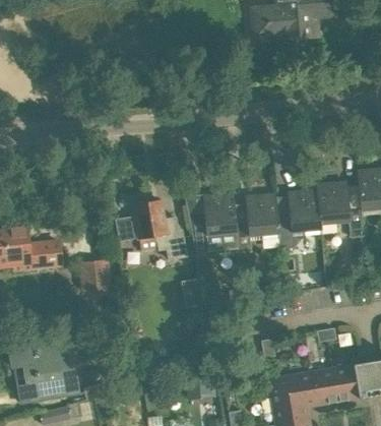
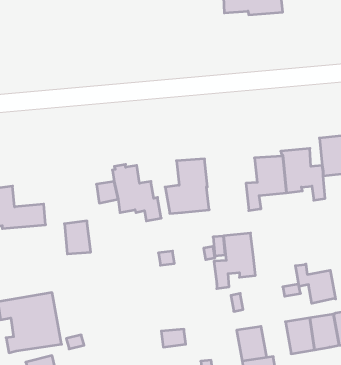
building: [235,192,279,252] -> [214,233,255,289]
building: none -> [295,264,336,303]
building: [294,368,326,407] -> none

